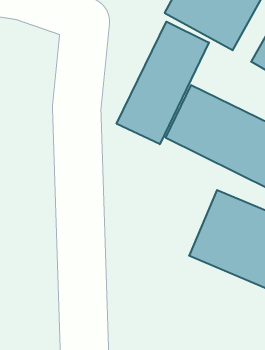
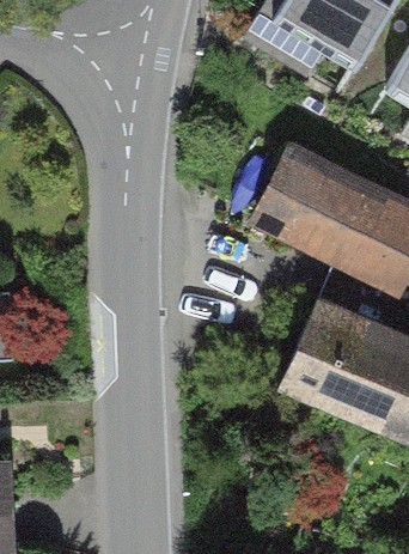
building: [117,22,209,144] -> none

